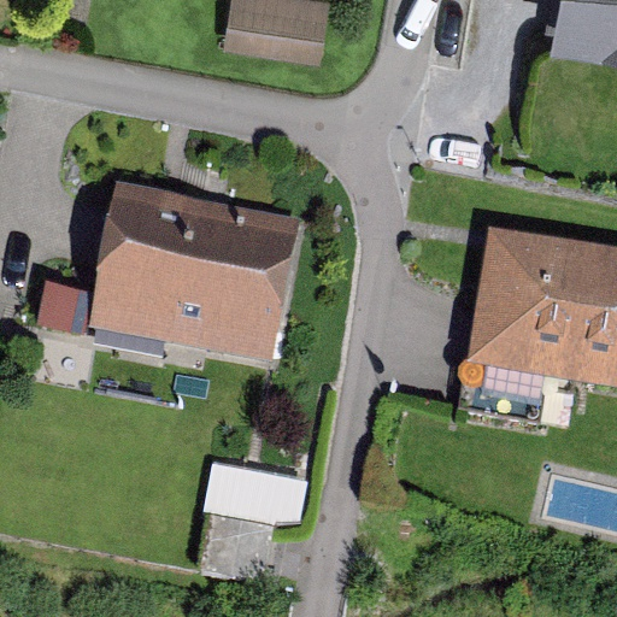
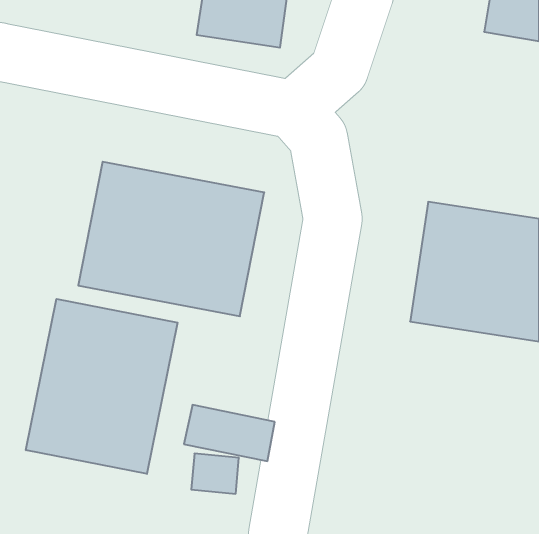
building: none -> [26,299,178,474]

